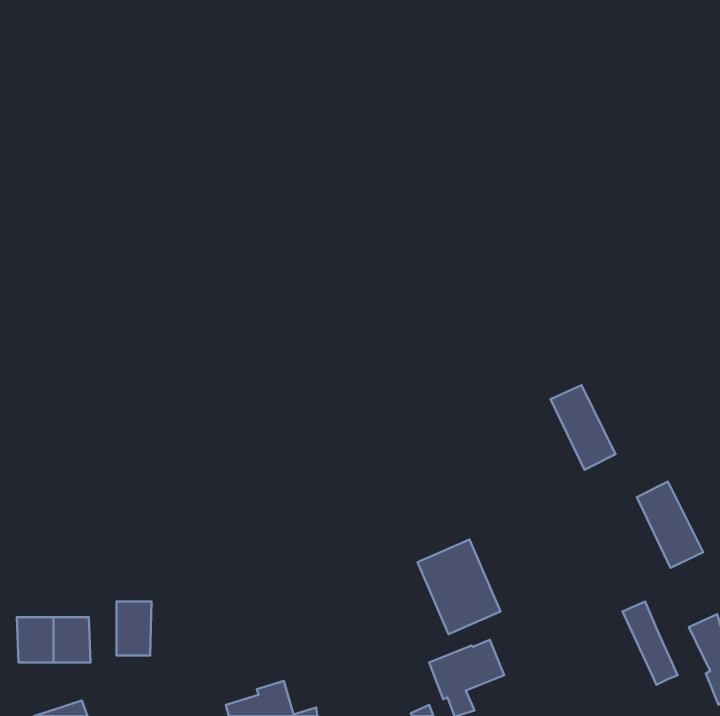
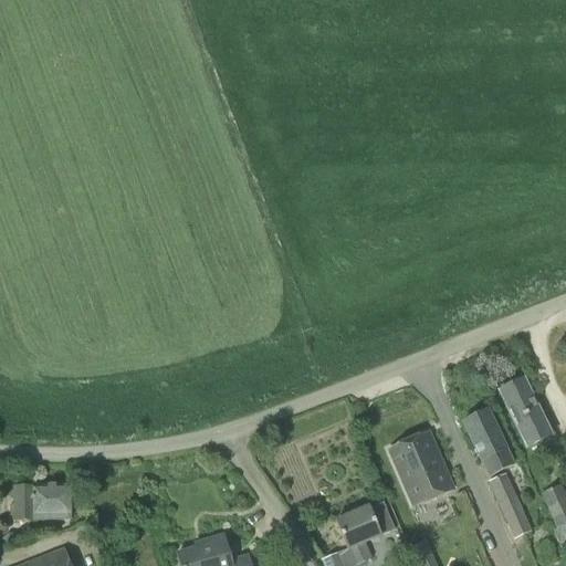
building: [551,385,615,470] -> [463,408,514,474]
building: [417,540,501,634] -> [388,429,453,503]
building: [116,602,152,656] -> none

